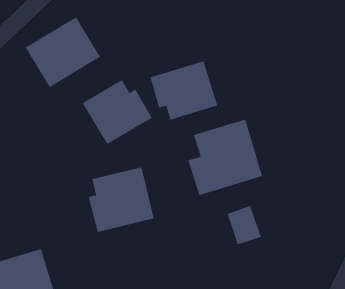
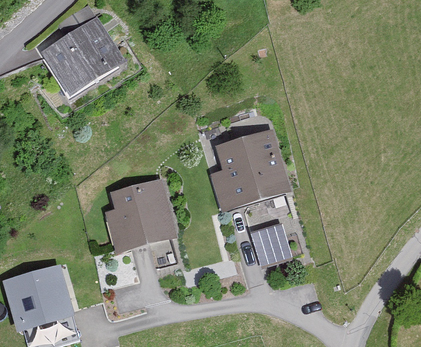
building: [150,61,218,120] -> none
building: [82,79,152,145] -> none

